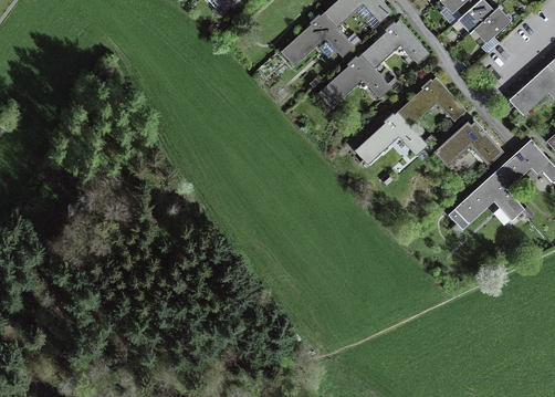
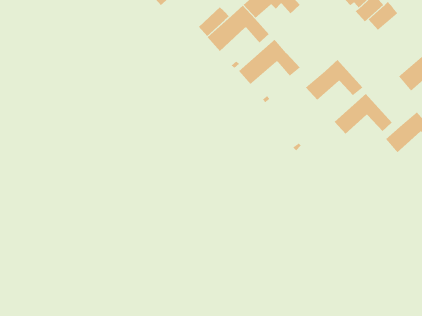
building: none -> [198,6,230,37]
building: [362,19,429,69] -> none
building: [355,111,430,166] -> none
building: [448,173,526,230] -> none

